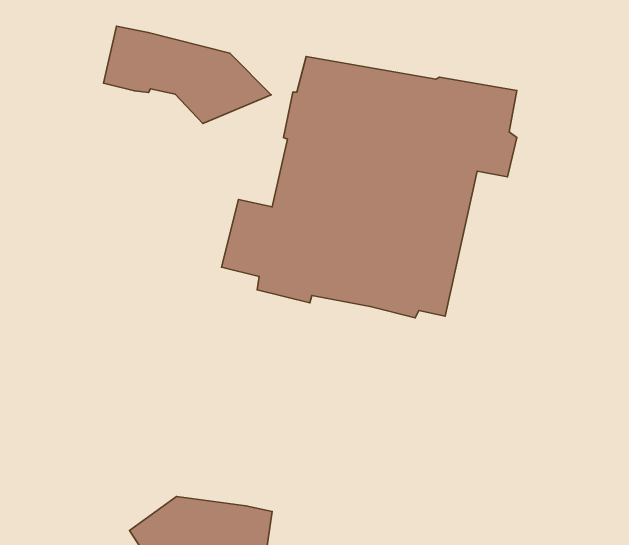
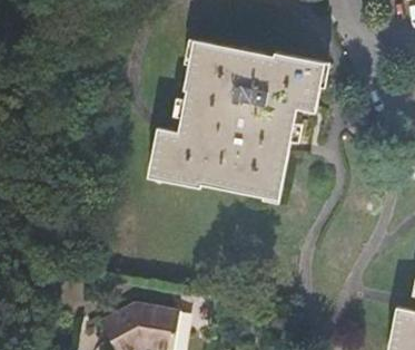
building: [104,26,271,124] -> none

